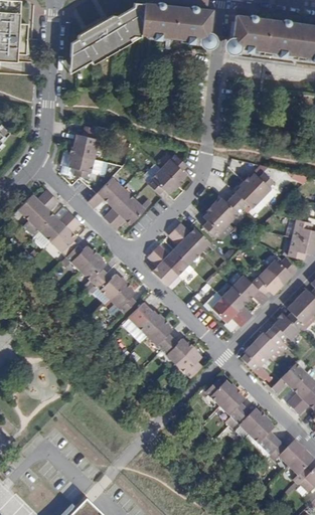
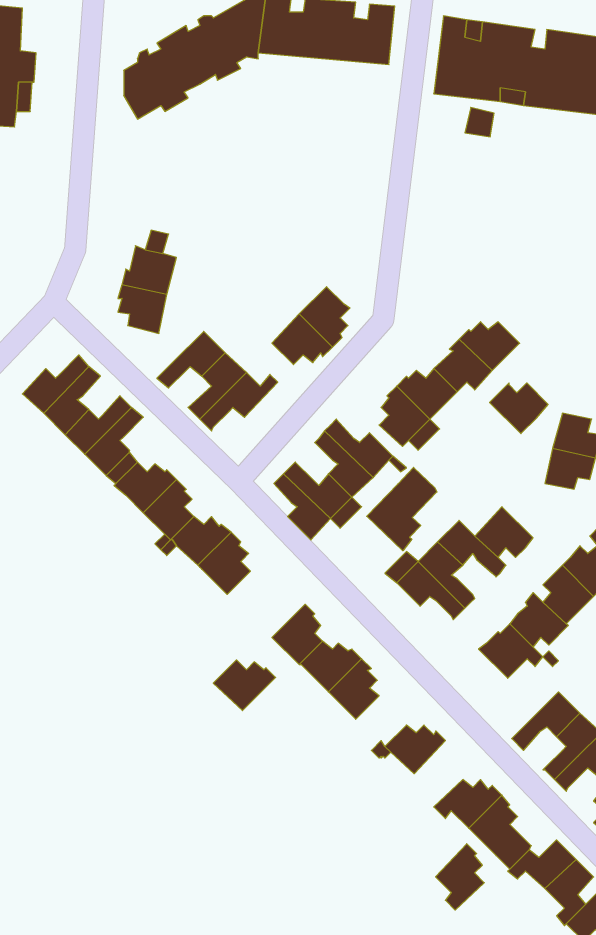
building: none -> [367,467,437,551]
building: [266,258,296,284] -> [490,383,548,434]
building: [132,309,164,335] -> [213,660,276,711]
building: [242,341,269,379] -> none
building: [220,388,246,422] -> [436,844,484,910]

